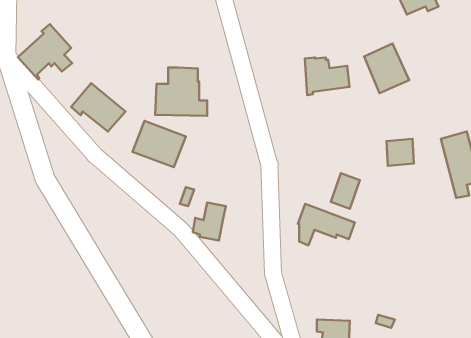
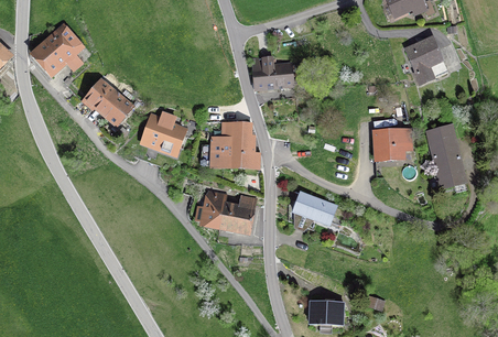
building: [364,44,409,93] -> [405,36,447,83]
building: [305,57,350,95] -> [251,55,293,90]
building: [155,67,207,116] -> [210,121,259,166]
building: [331,173,360,209] -> none
building: none -> [219,195,256,231]

